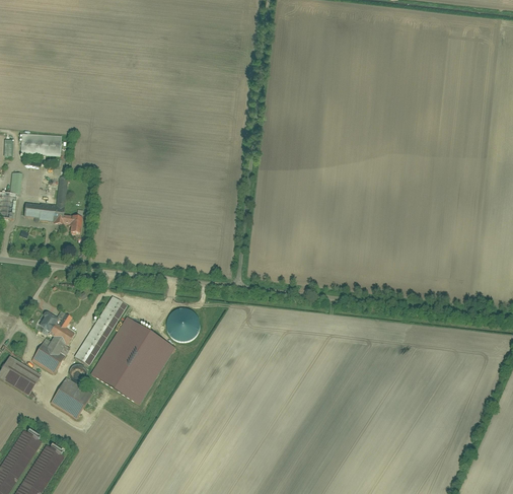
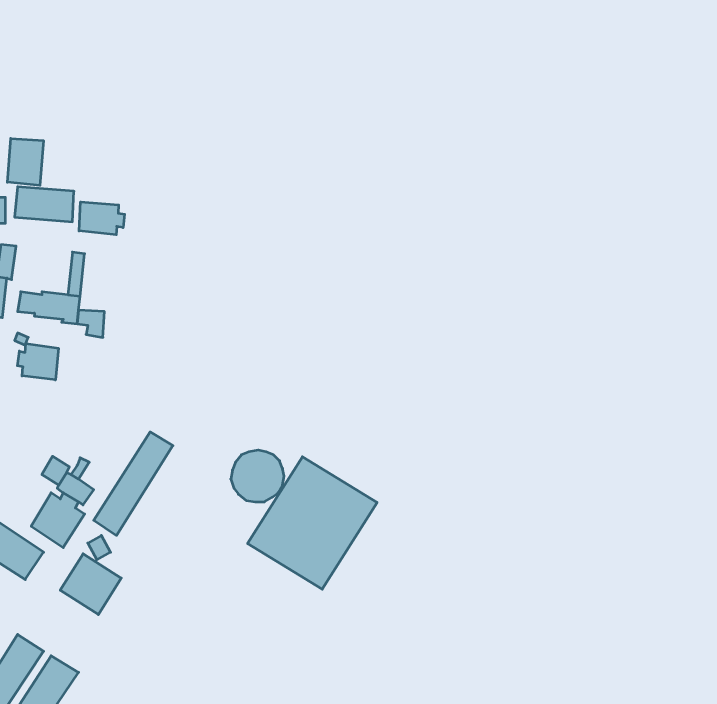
building: none -> [7,138,43,185]
building: none -> [79,202,125,235]
building: none -> [17,343,58,380]
building: [89,316,175,405] -> [248,457,377,589]

